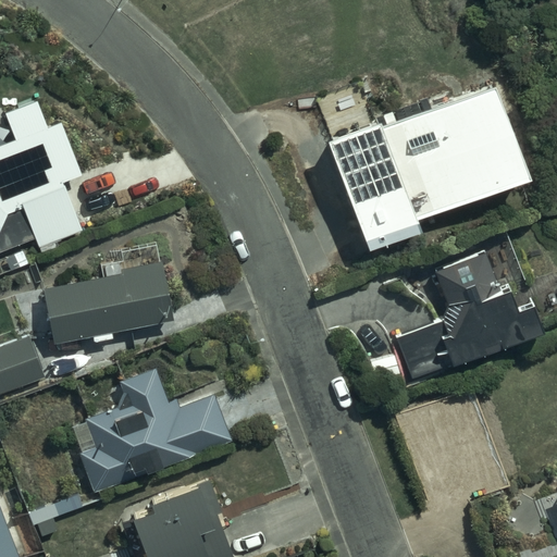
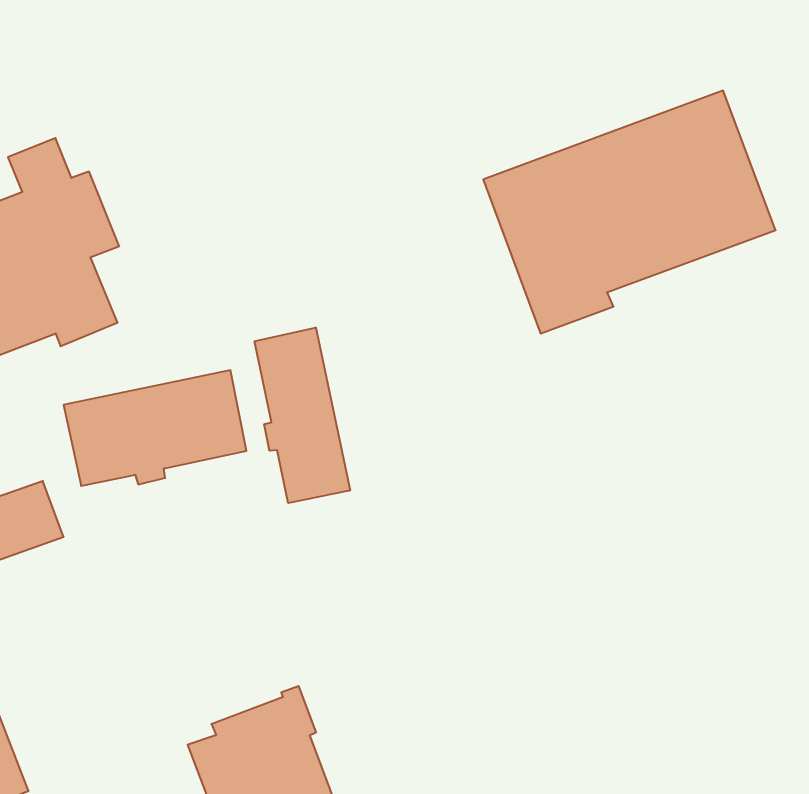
building: none -> [255,327,350,503]
building: [399,255,542,377] -> none
building: [78,370,227,494] -> none

